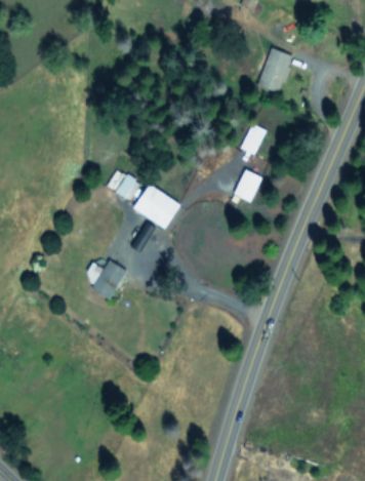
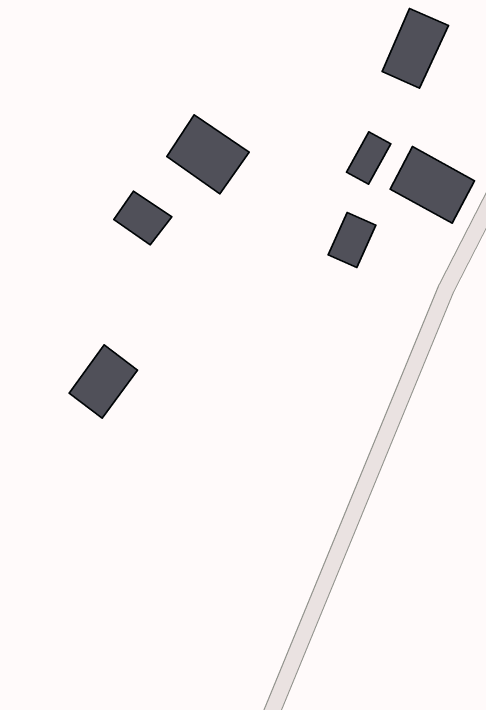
building: none -> [390,146,475,223]
building: [132,184,180,229] -> [167,115,249,194]

